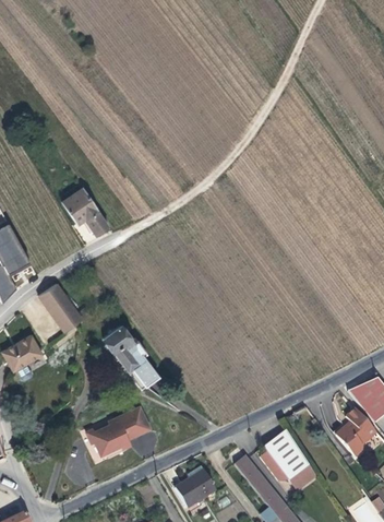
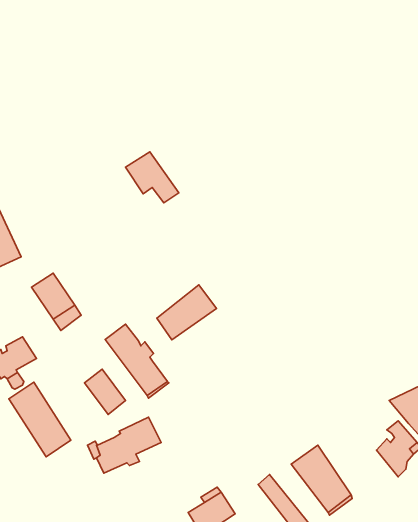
building: [67,189,112,233] -> [125,152,179,203]
building: none -> [157,285,217,340]
building: none -> [85,369,126,414]
building: none -> [9,382,71,457]

